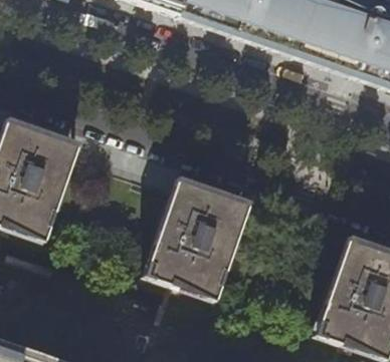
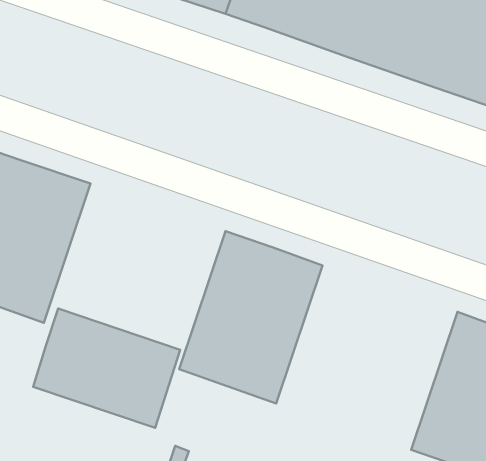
building: none -> [33,309,180,428]

